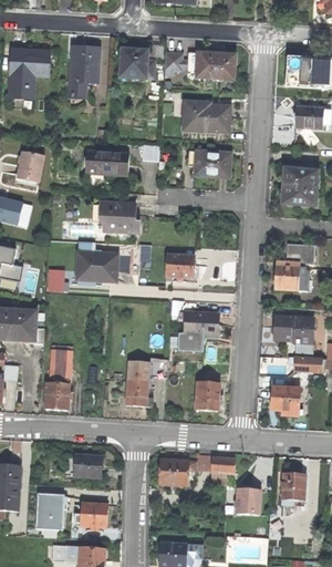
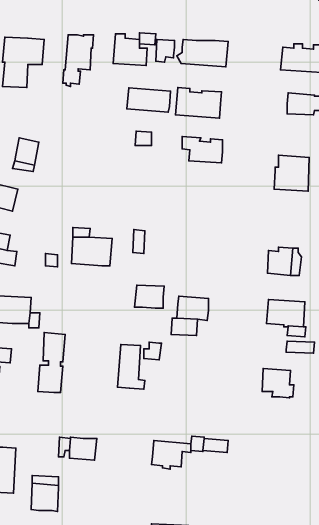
building: [85,150,129,174] -> [127,88,170,112]
building: [100,202,138,233] -> none
building: [287,243,315,262] -> none
building: [166,254,196,277] -> [135,285,164,308]
building: [195,379,221,409] -> none
building: [282,472,307,504] -> none
building: [234,487,260,514] -> none
building: [81,503,108,526] -> none

